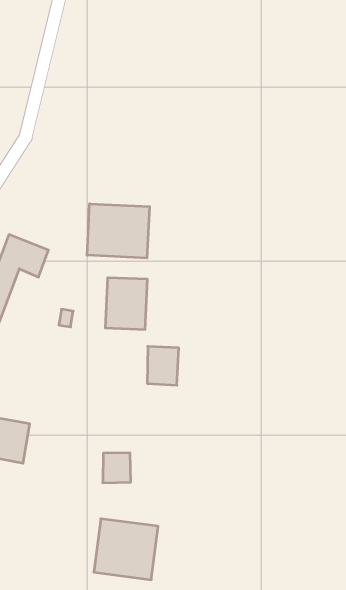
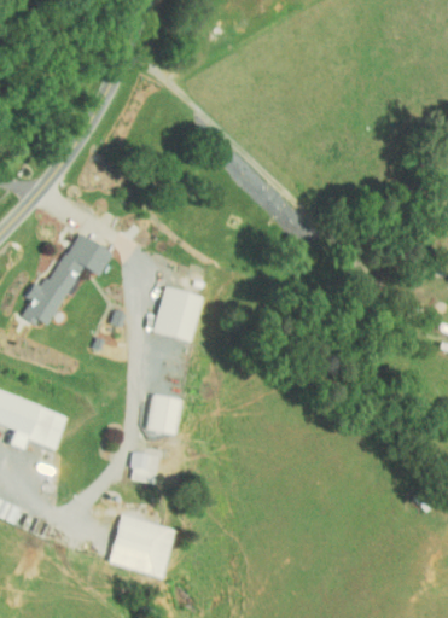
building: [87,204,150,258] -> none
building: [147,346,179,385] -> [146,392,181,433]

